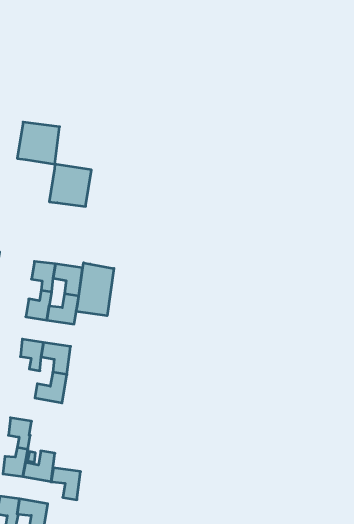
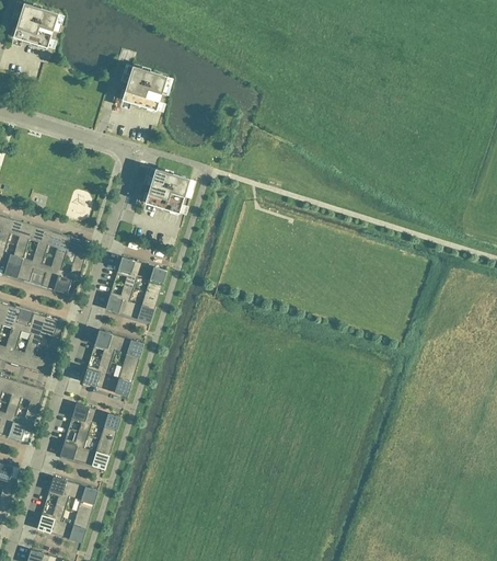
building: [17,122,60,164] -> [119,66,164,111]
building: [76,263,114,316] -> none
building: none -> [80,359,108,388]
building: [51,468,81,500] -> [89,410,118,444]

